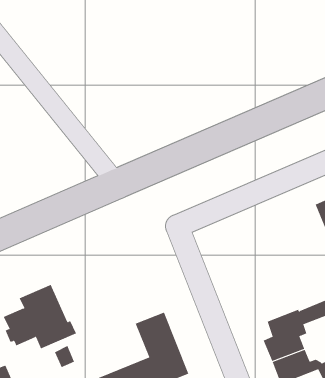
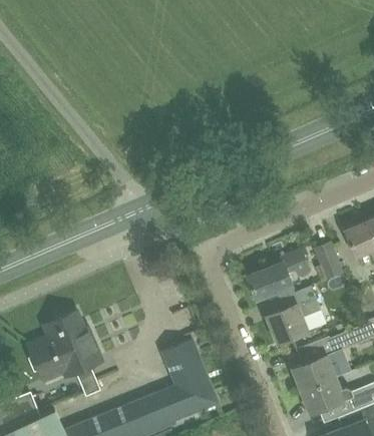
building: none -> [313,242,343,281]
building: none -> [247,251,310,300]
building: none -> [267,287,321,344]

